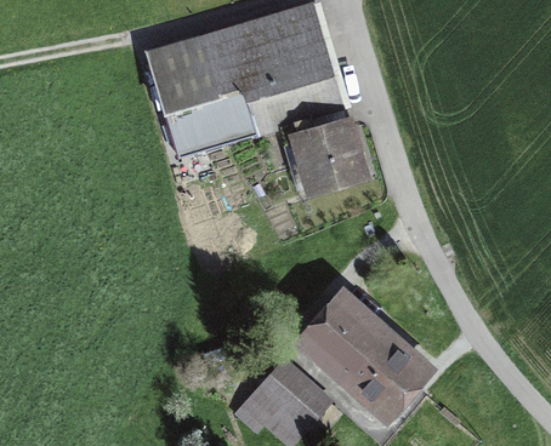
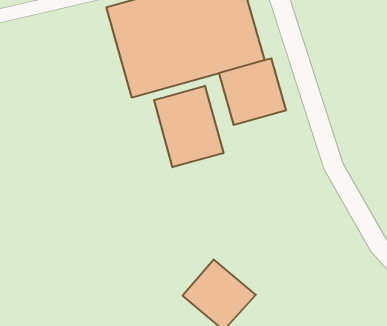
building: none -> [154,86,223,167]
building: [296,288,433,422] -> none

